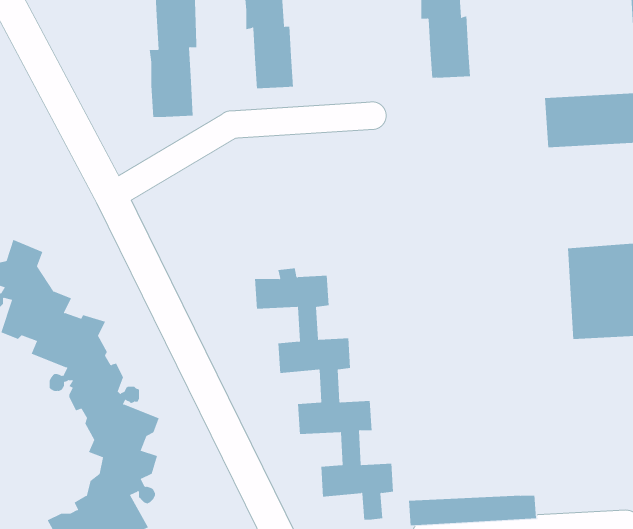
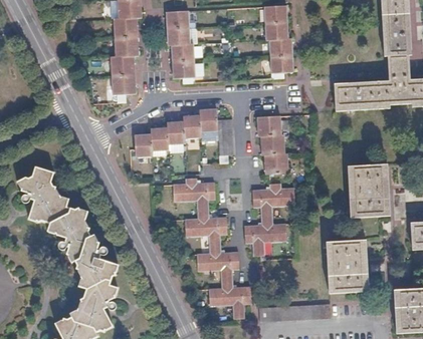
building: none -> [134,108,233,157]
building: none -> [256,115,287,174]
building: none -> [244,184,293,257]
building: none -> [327,241,369,294]

